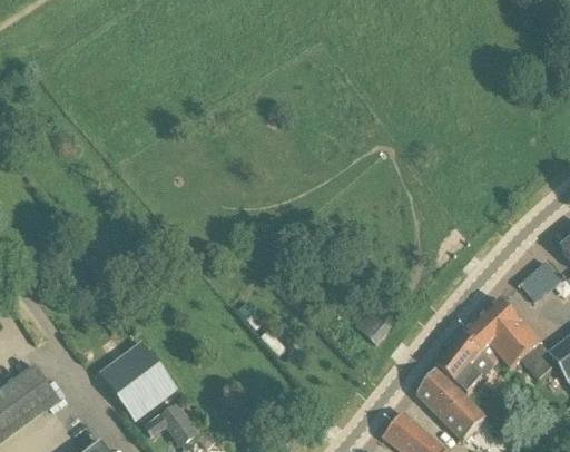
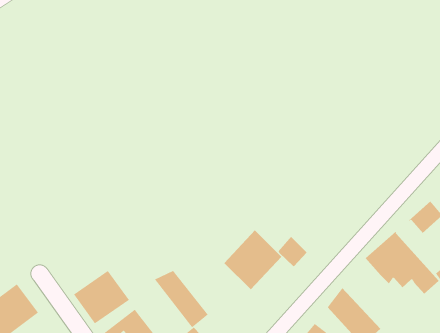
building: none -> [223,230,282,290]
building: [435,333,493,420] -> none
building: none -> [154,270,209,328]

